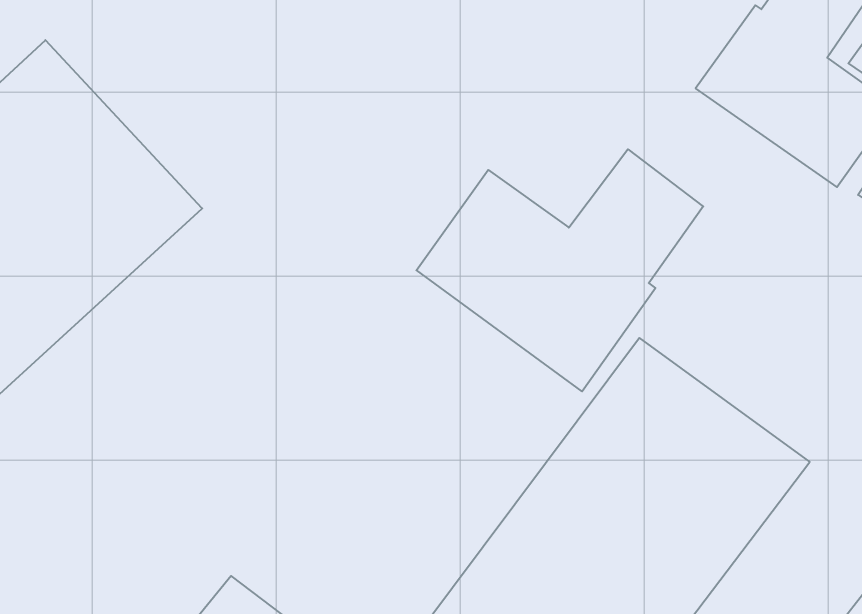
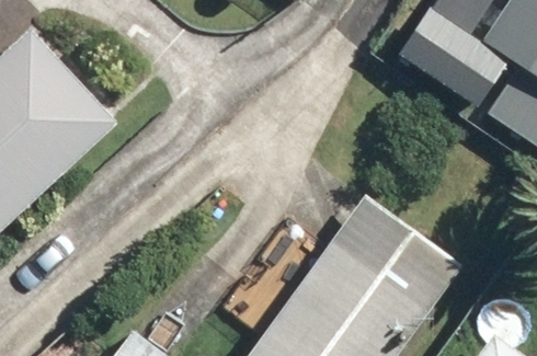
building: [416,149,703,391] -> none

